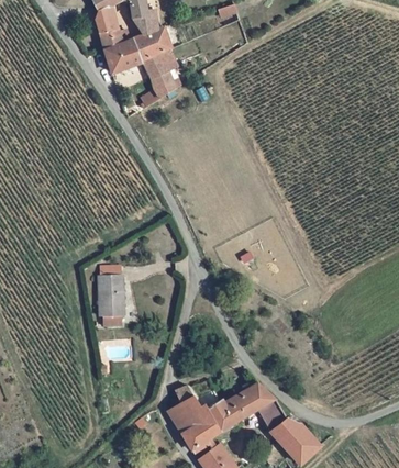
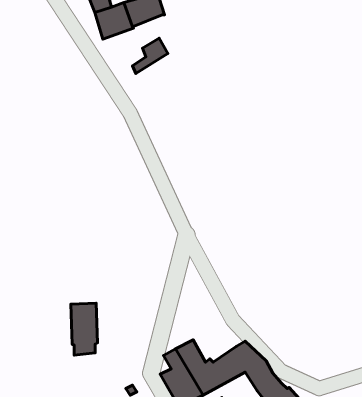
building: [143,54,179,87] -> none
building: [99,271,125,323] -> [71,303,97,355]

